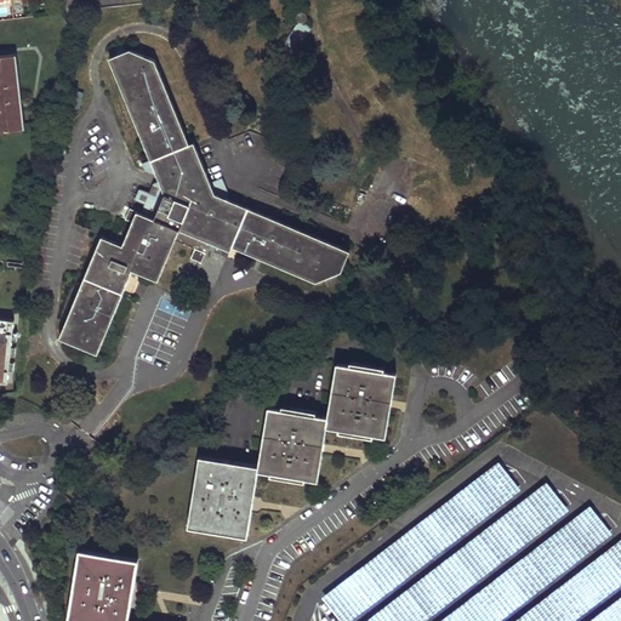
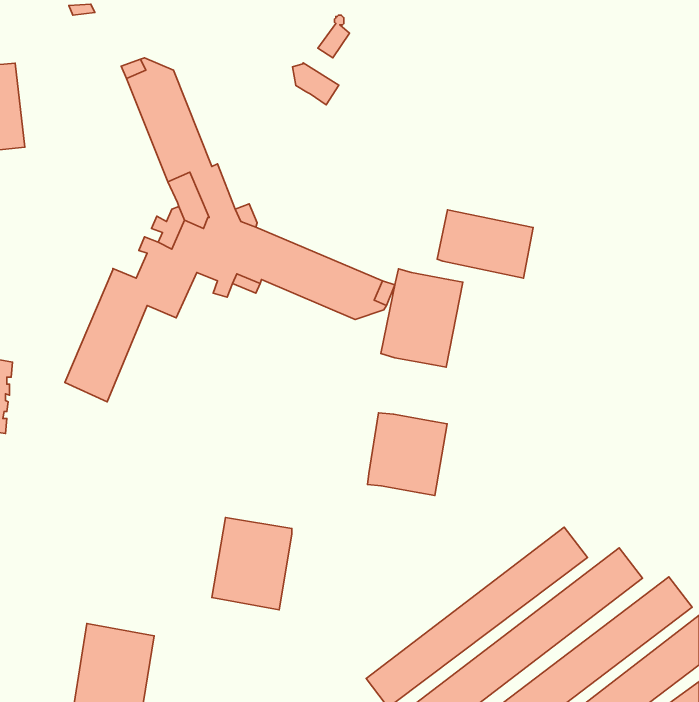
building: none -> [292,63,339,105]
building: none -> [437,210,533,278]
building: none -> [381,269,463,367]
building: [257,409,325,482] -> none

